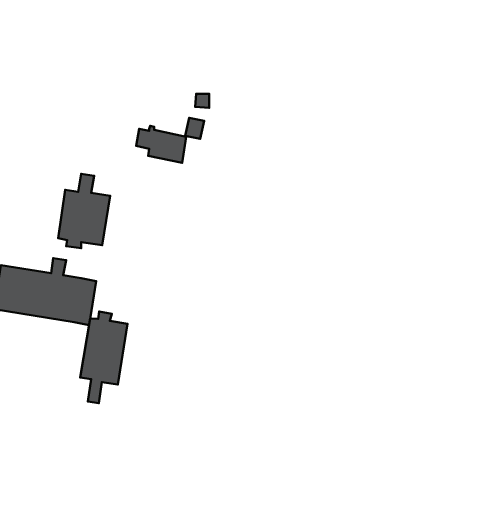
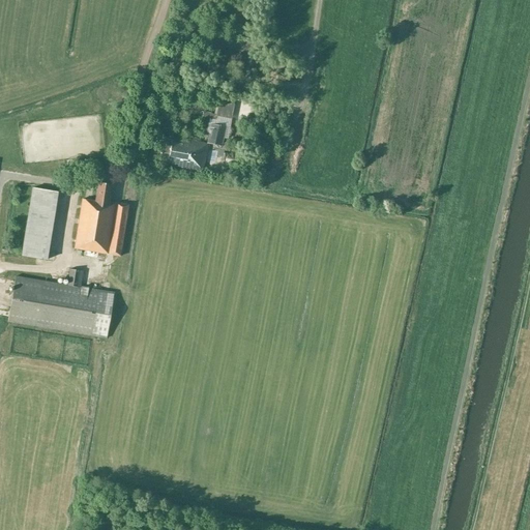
building: none -> [23,187,59,259]
building: [80,311,127,403] -> none

